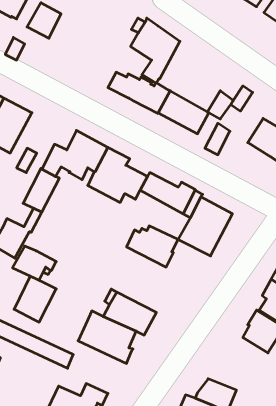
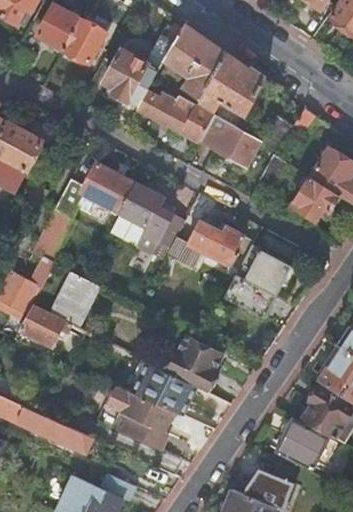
building: none -> [63,13,110,63]
building: none -> [103,48,160,107]
building: none -> [196,52,264,113]
building: none -> [292,177,338,220]
building: [127,226,178,267] -> [157,339,221,390]
building: [14,276,56,322] -> [47,270,99,327]
building: none -> [277,420,328,469]

